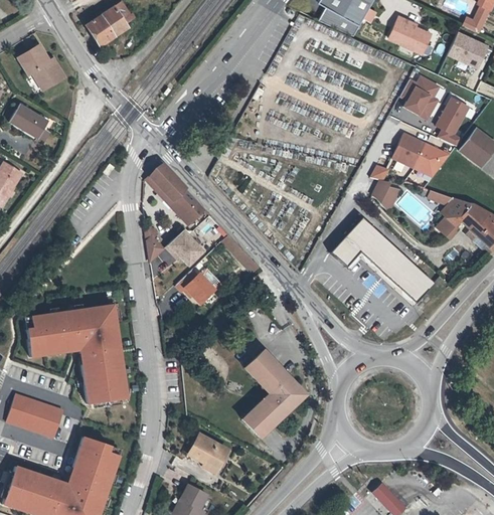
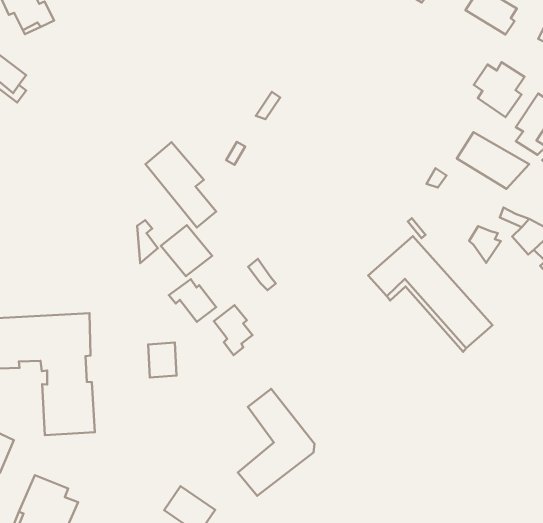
building: [372,183,397,211] -> [469,226,501,263]
building: none -> [214,305,253,355]
building: none -> [148,342,176,378]

